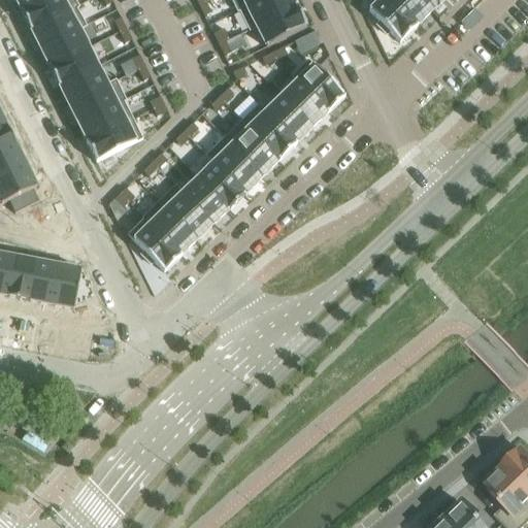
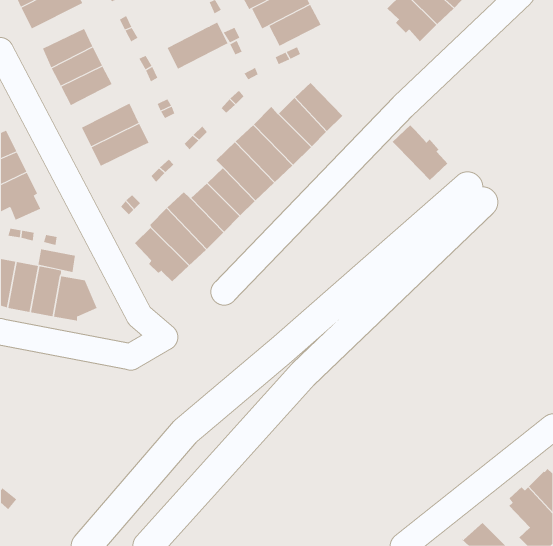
building: [30,4,87,46] -> none
building: [291,57,344,110] -> [392,125,448,181]
building: [67,76,126,122] -> [167,22,228,69]
building: none -> [38,249,76,273]

